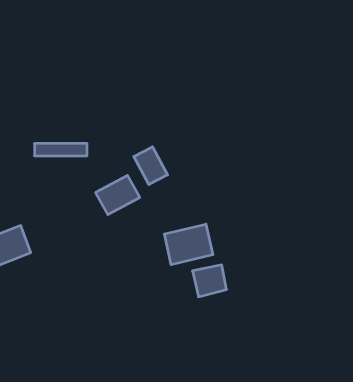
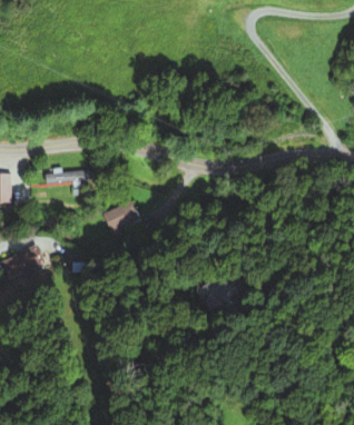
building: [134,147,168,185] -> none
building: [164,224,213,265] -> none

